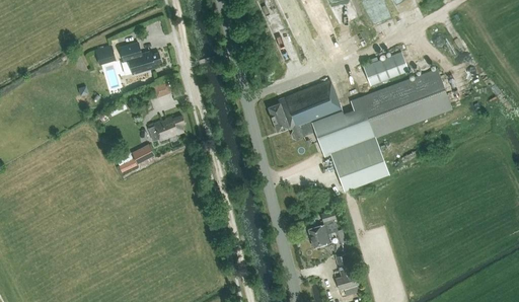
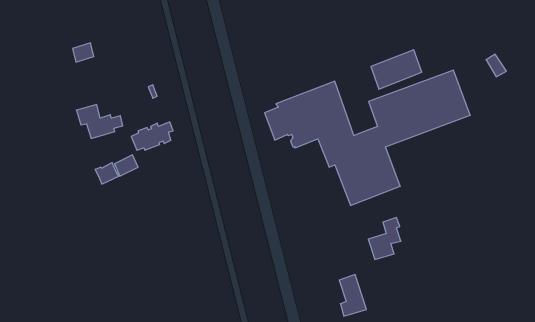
building: [119,43,160,73] -> [76,105,123,138]
building: [307,210,337,247] -> [368,218,401,259]

